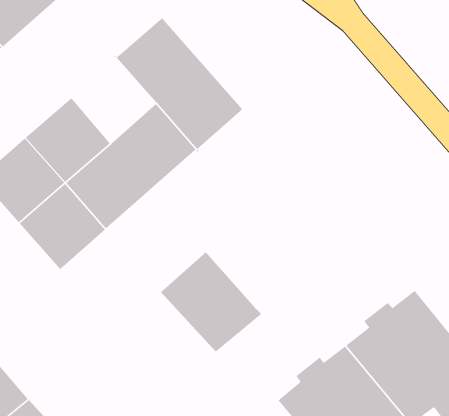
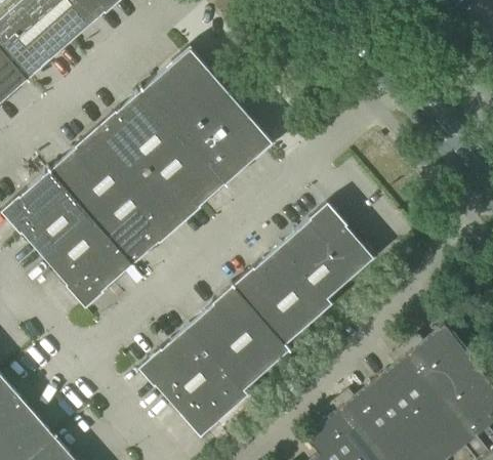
building: none -> [96,89,182,176]
building: none -> [233,205,372,343]
building: none -> [140,327,247,435]

